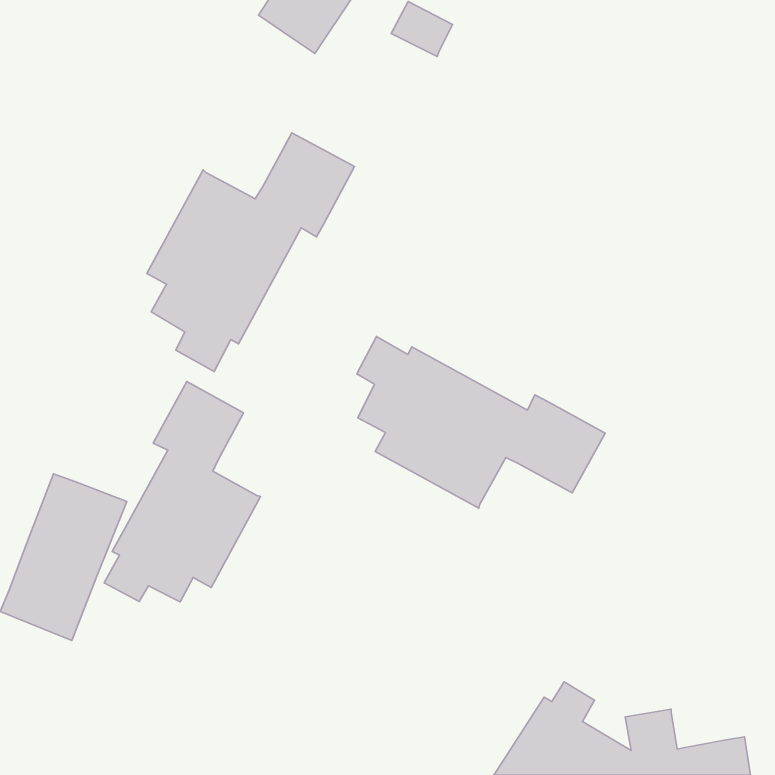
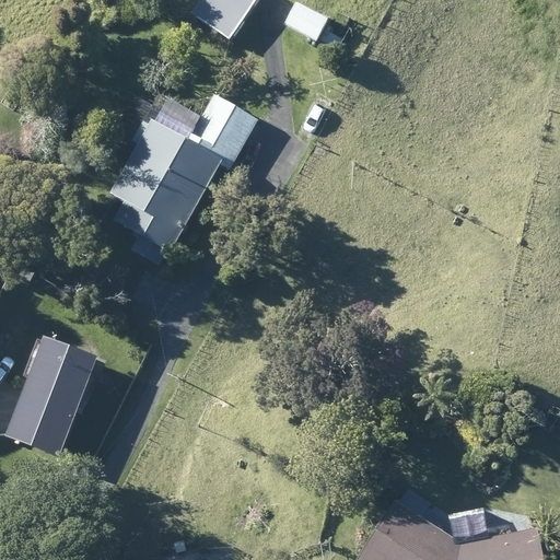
building: [357,337,605,508] -> none
building: [104,382,261,602] -> none

